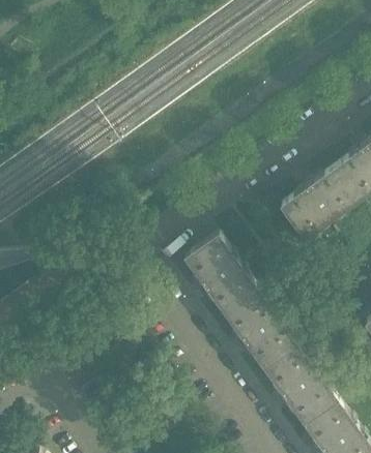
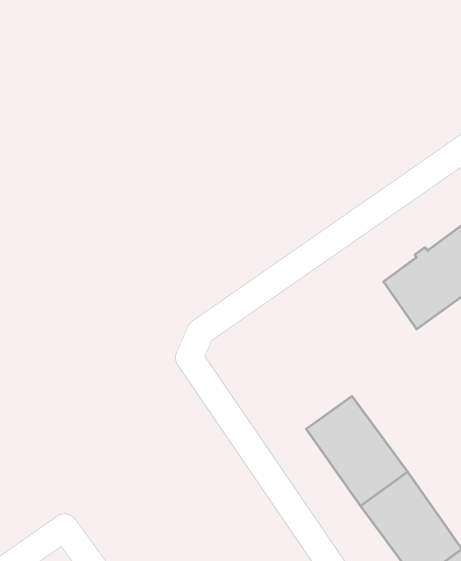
building: [186,234,258,312] -> none

